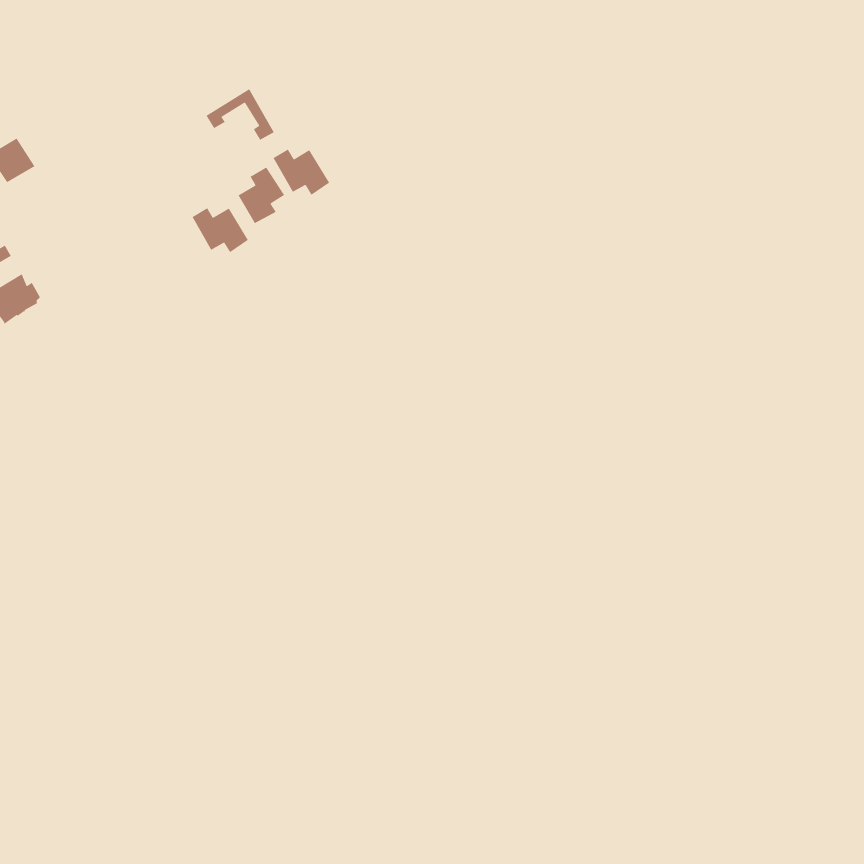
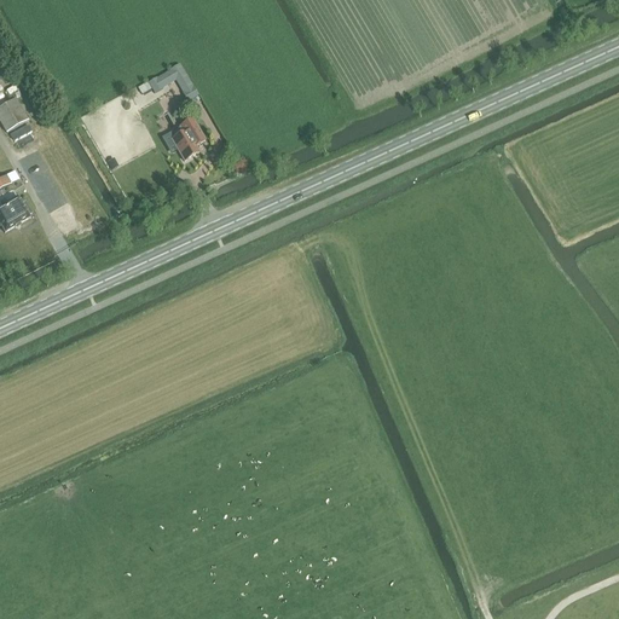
building: [273,149,330,196] -> none
building: [192,207,249,253] -> none

